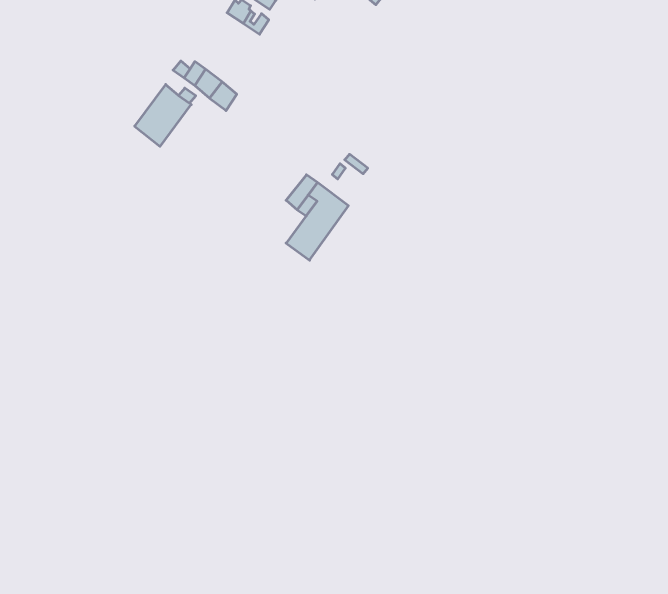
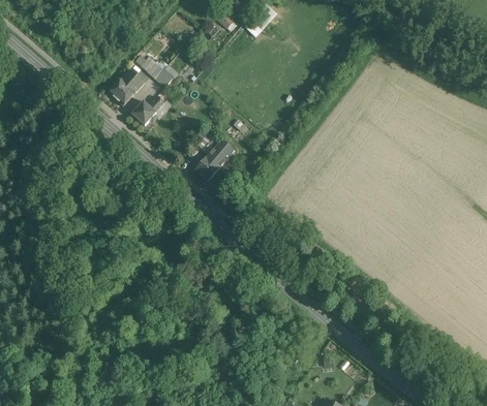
building: none -> [131,96,163,125]

